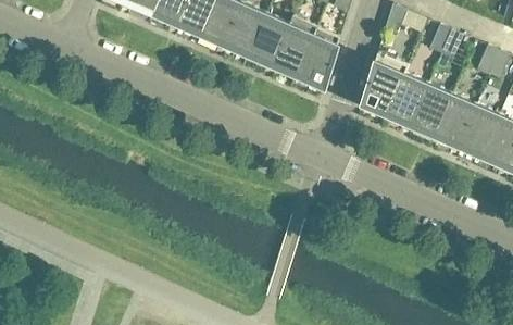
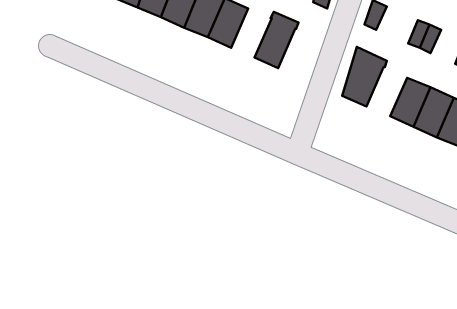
building: [248,15,289,65] -> none
building: [296,29,339,88] -> none
building: [386,75,427,125] -> none

